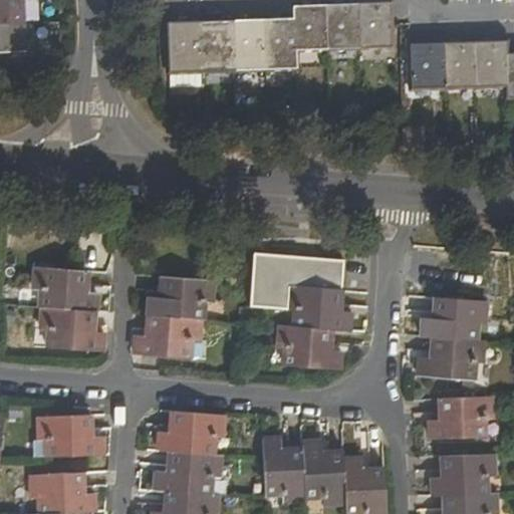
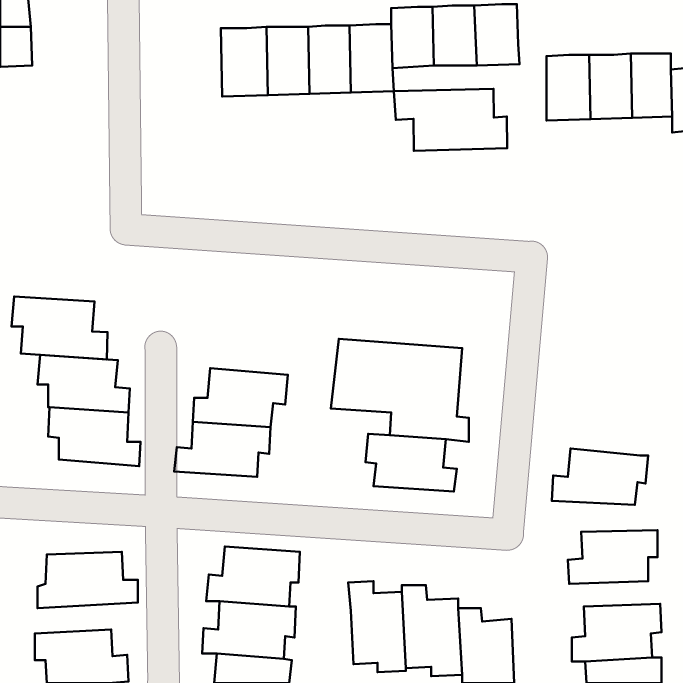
building: none -> [394,89,507,151]
building: none -> [12,297,107,359]
building: [418,297,490,341] -> none

